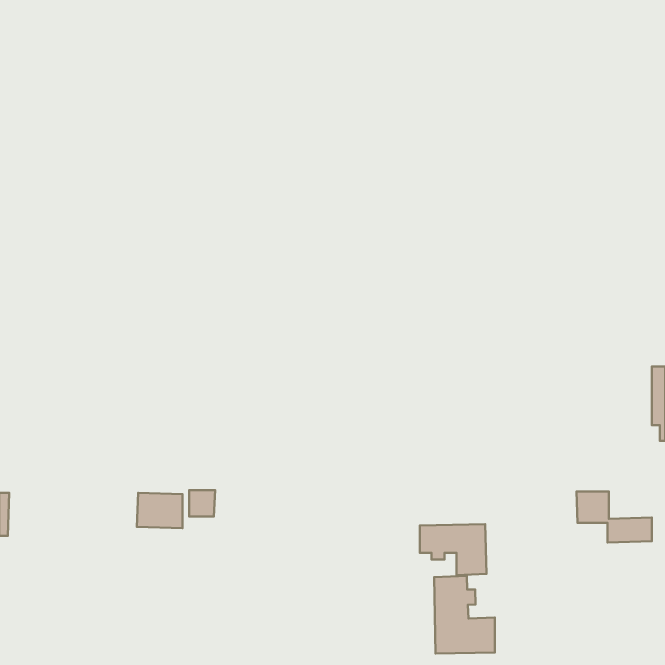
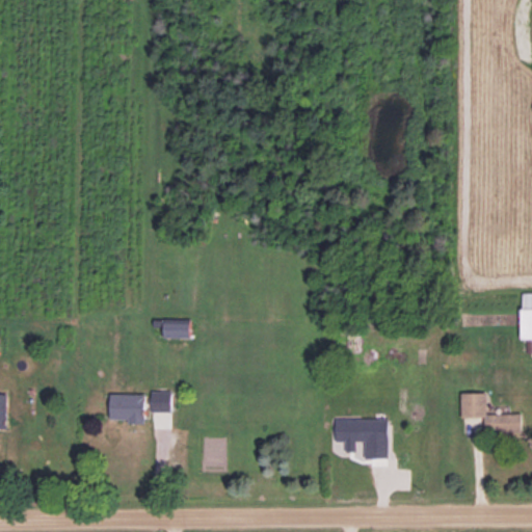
building: none -> [162,320,189,338]
building: [434,576,495,653] -> none

